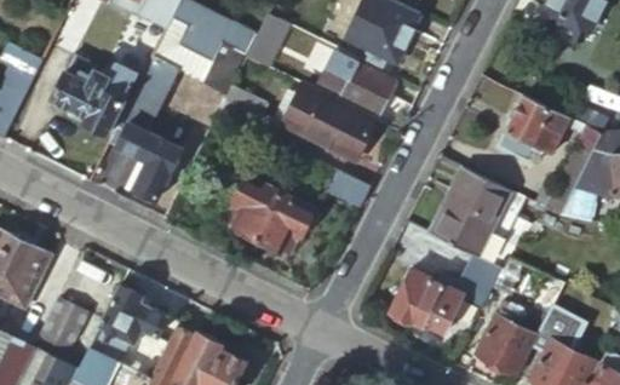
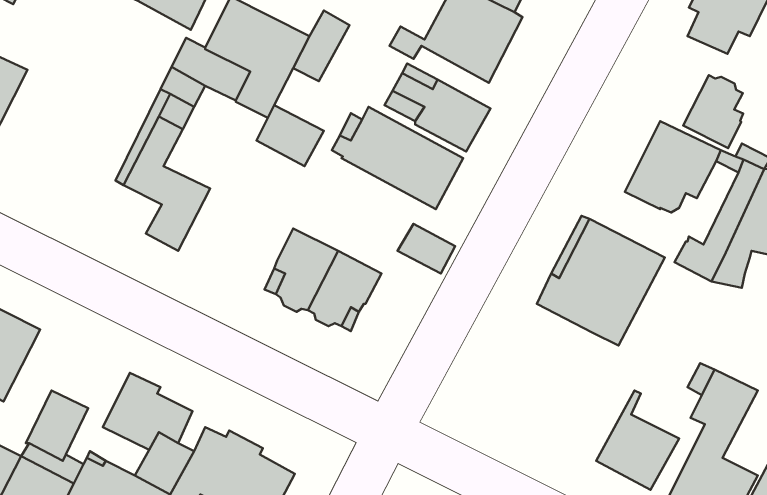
building: [51,54,137,133] -> none
building: none -> [683,75,743,148]
building: [389,255,501,332] -> none

